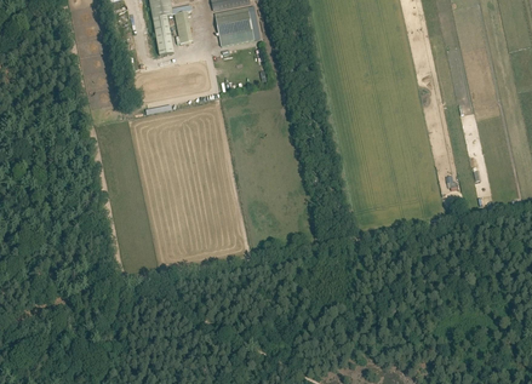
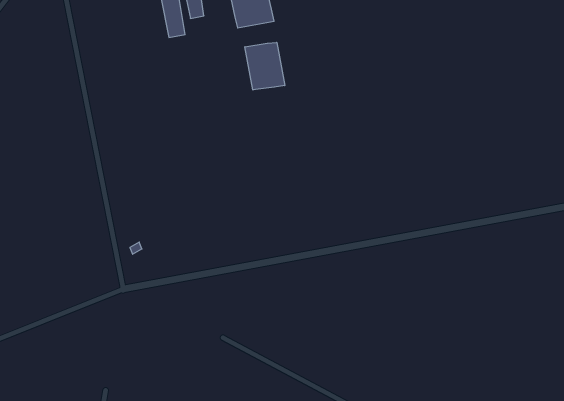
building: none -> [245,42,285,90]

